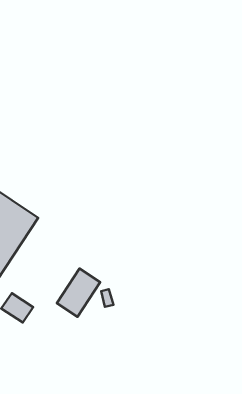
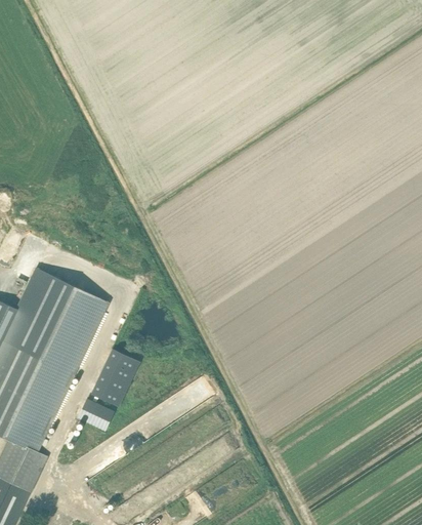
building: [57,268,100,317] -> [90,349,139,408]

